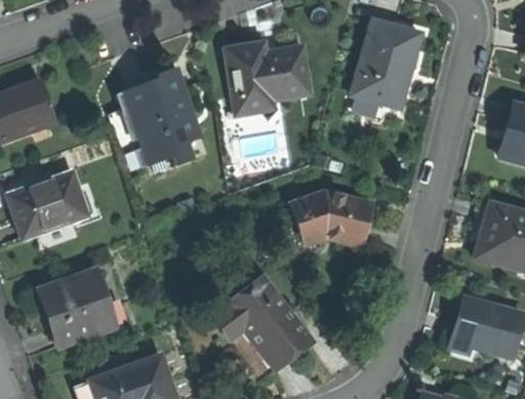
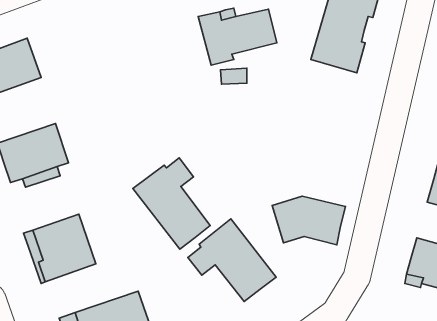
building: [117,66,196,165] -> none
building: [291,192,371,245] -> [272,196,345,245]
building: none -> [133,158,210,249]

